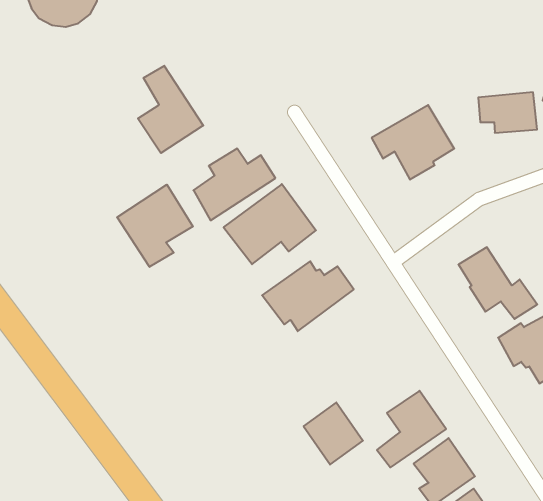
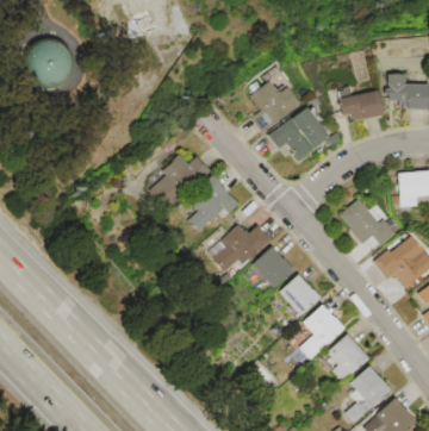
building: none -> [249,82,300,132]
building: [138,66,203,153] -> none
building: [117,185,193,267] -> none
building: none -> [253,246,294,288]
building: [304,402,363,465] -> [279,273,321,316]

